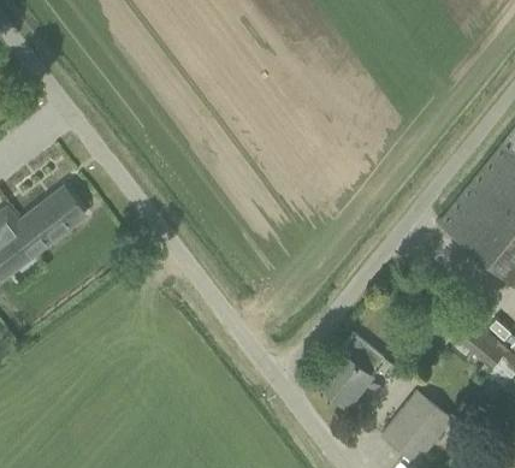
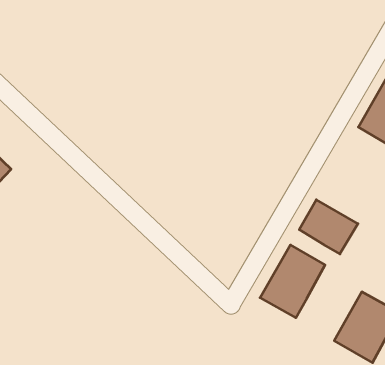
building: none -> [299,200,358,254]

